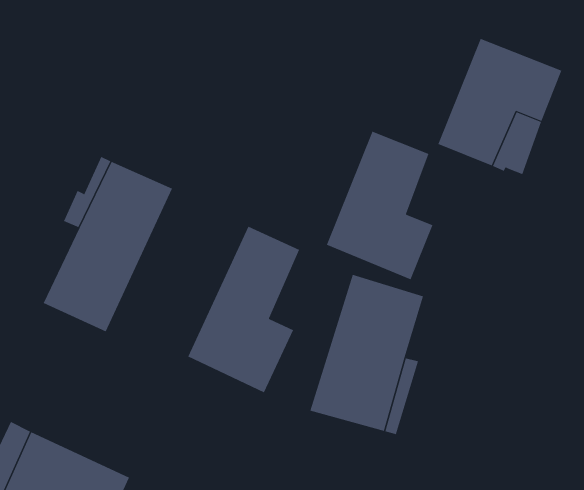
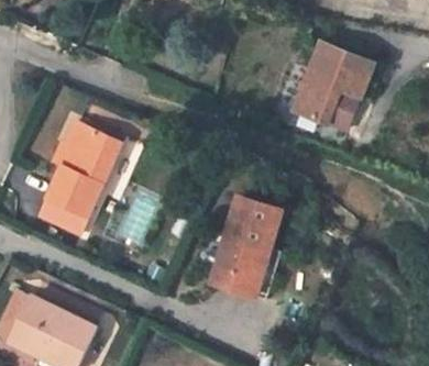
building: [326,131,433,280] -> none
building: [187,226,300,393] -> none

